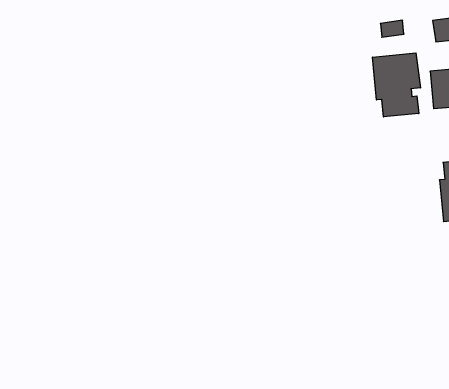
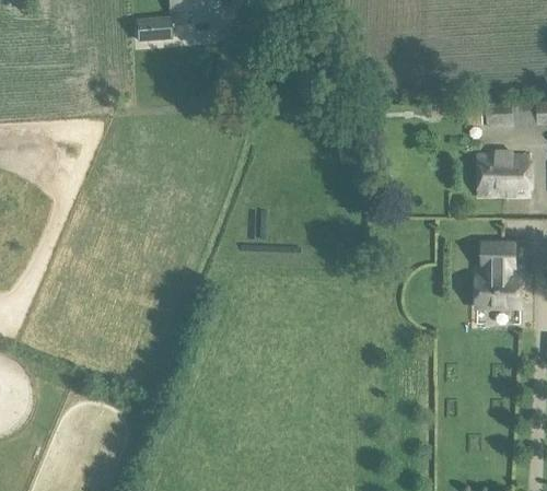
building: [373,53,420,117] -> none

